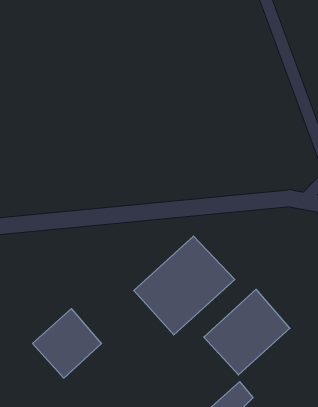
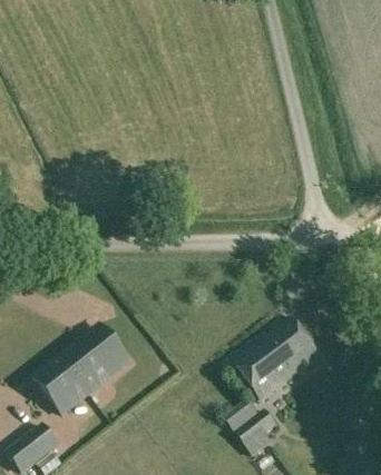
building: [134,236,235,335] -> none
building: none -> [33,355,88,412]

